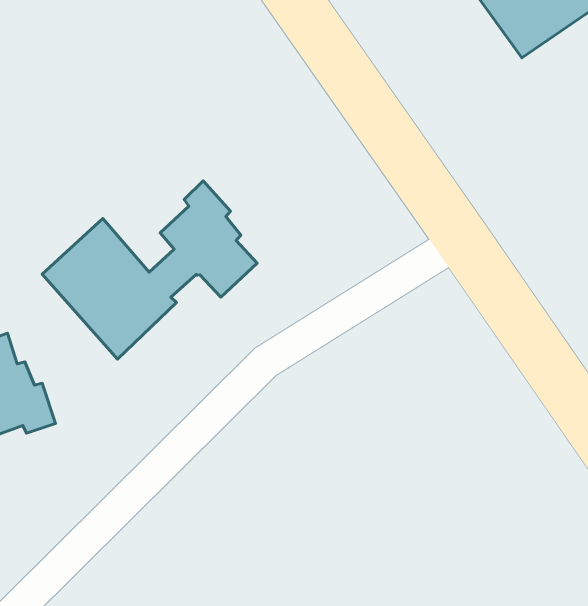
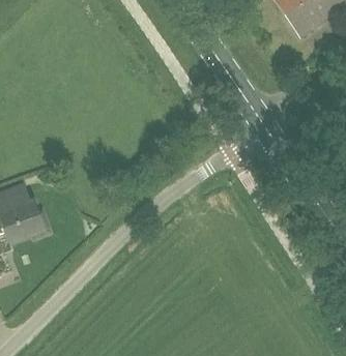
building: [42,181,257,359] -> none

